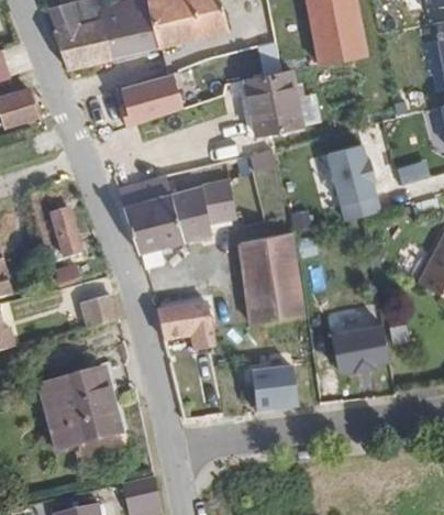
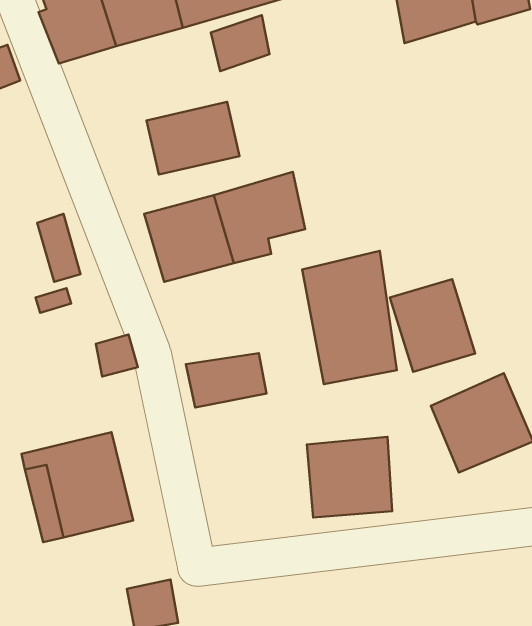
building: [244,66,304,133] -> none
building: [114,72,180,123] -> [146,102,239,175]
building: [328,144,388,210] -> [390,279,475,372]

